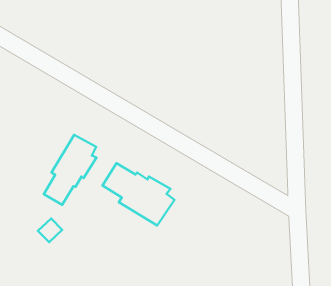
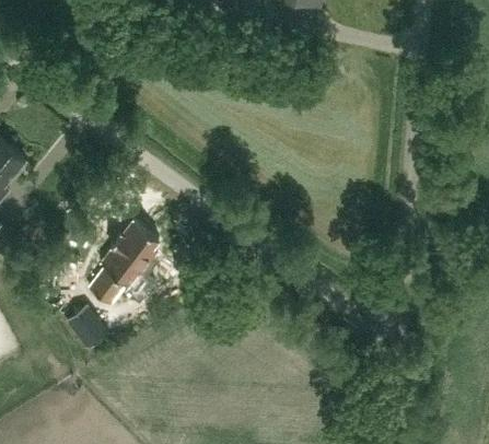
building: [103,163,175,226] -> none

